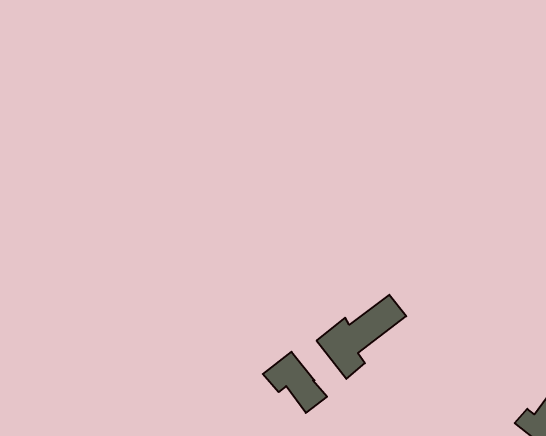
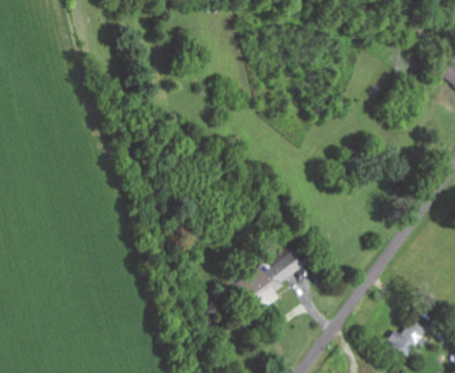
building: [263,352,327,413] -> none

